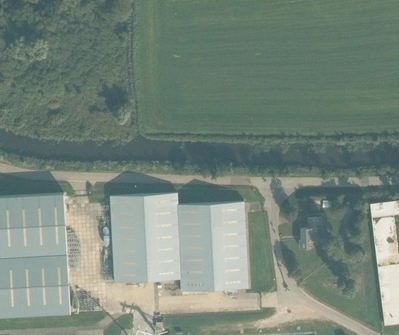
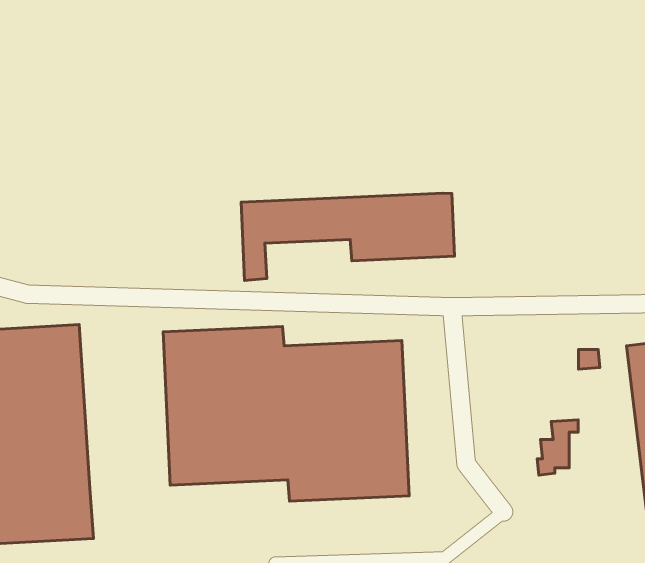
building: none -> [241,193,454,280]
building: [299,218,322,249] -> [537,420,578,475]

